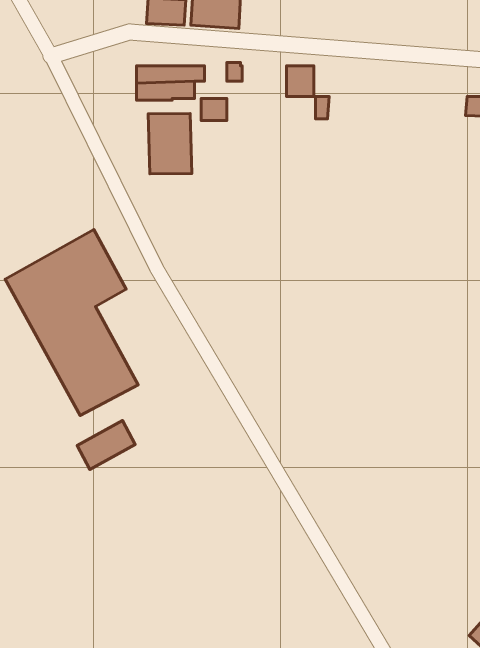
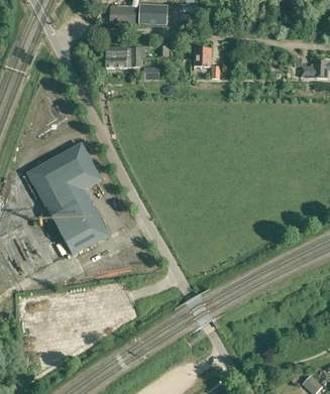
building: [148,113,192,174] -> none
building: [77,420,135,469] -> none

